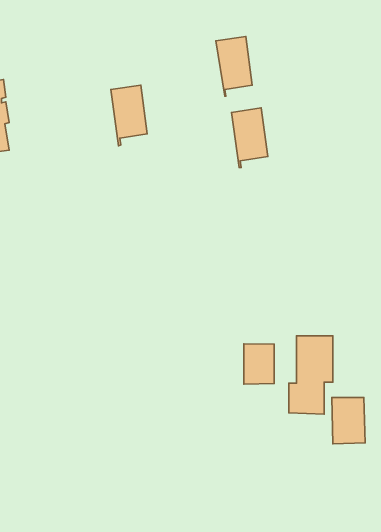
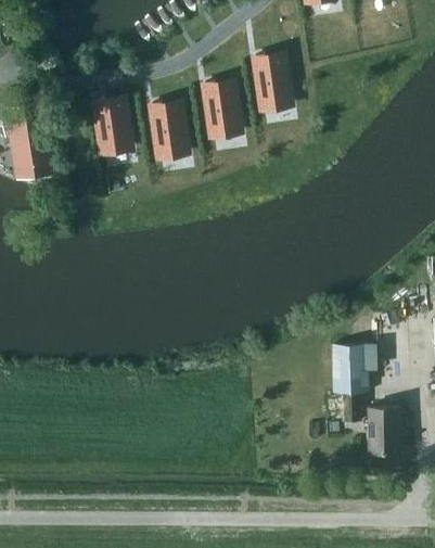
building: none -> [94,98,130,156]
building: [231,108,268,168] -> [204,81,240,140]
building: [244,344,274,384] -> none

